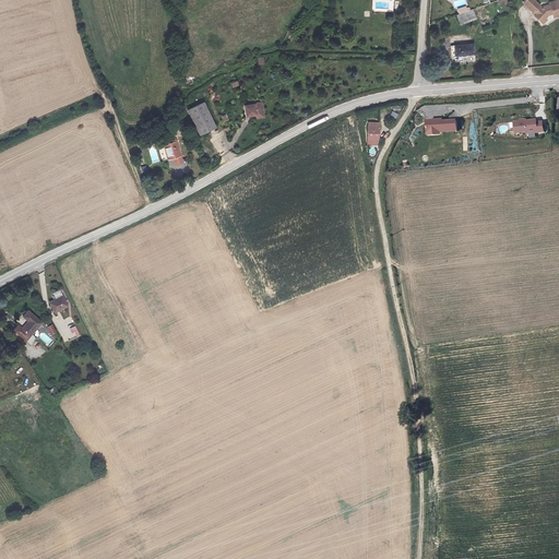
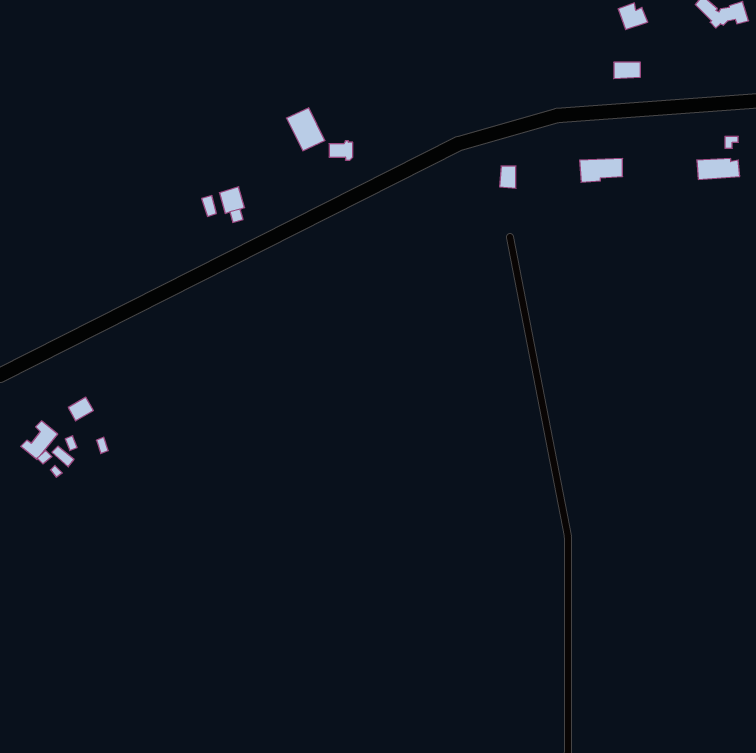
building: [187,103,215,134] -> [286,108,325,151]

